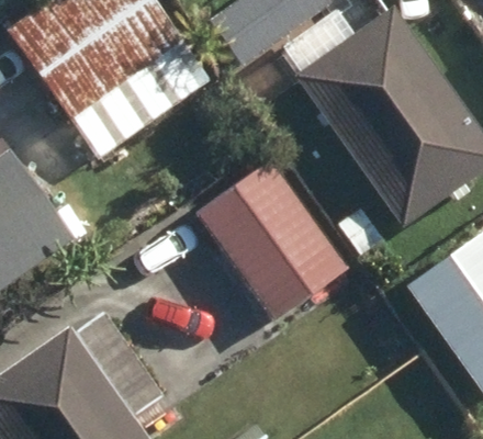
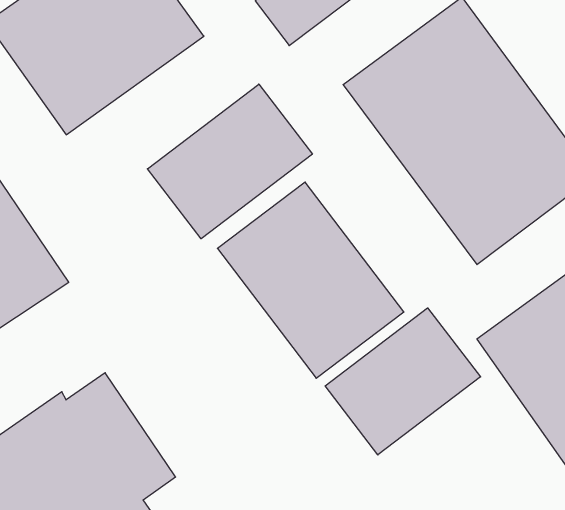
building: none -> [147,84,312,239]
building: none -> [325,308,481,455]

